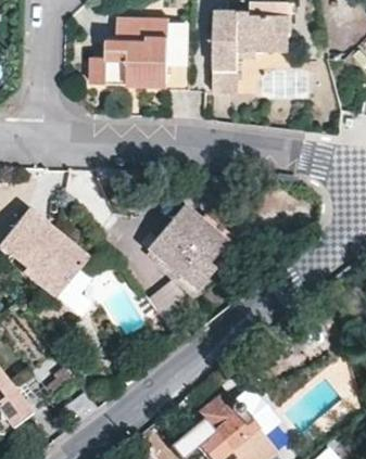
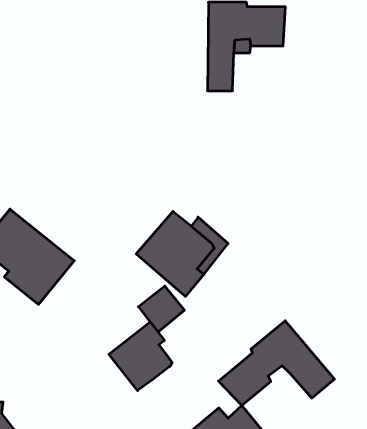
building: [91,17,169,85] -> none
building: none -> [218,321,334,406]
building: none -> [109,322,172,391]

